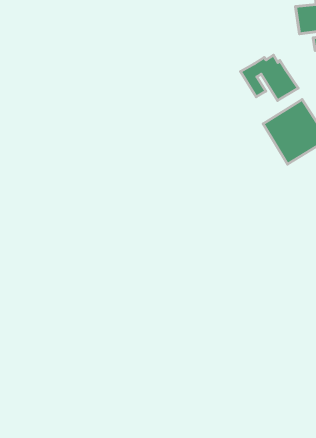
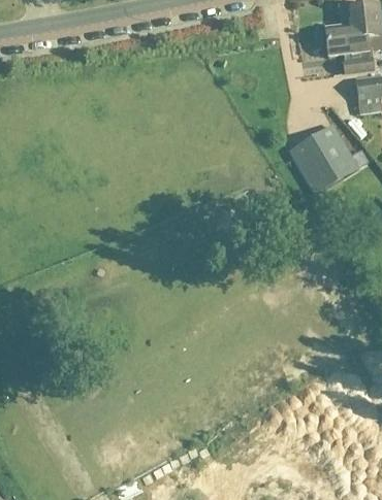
building: [241,55,298,101] -> none

